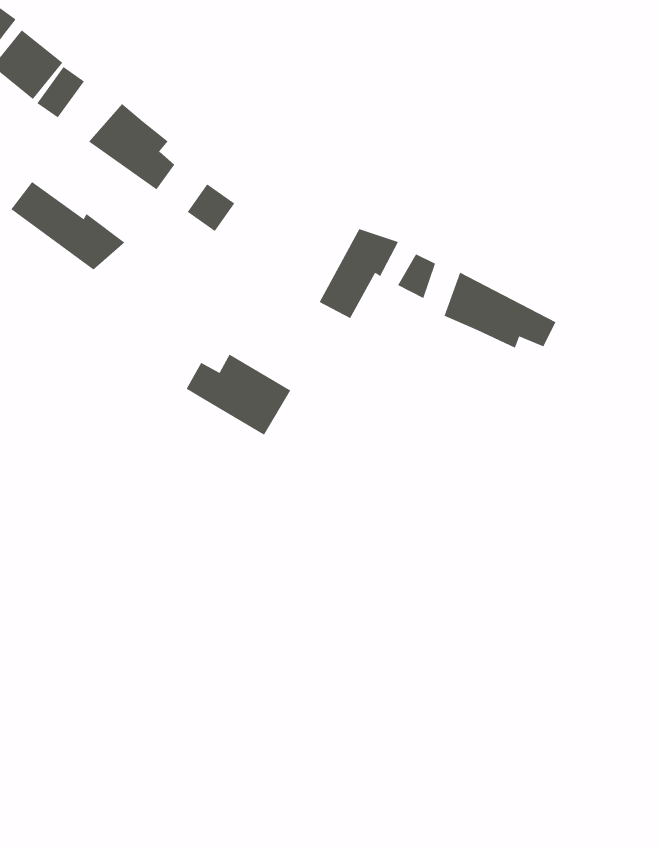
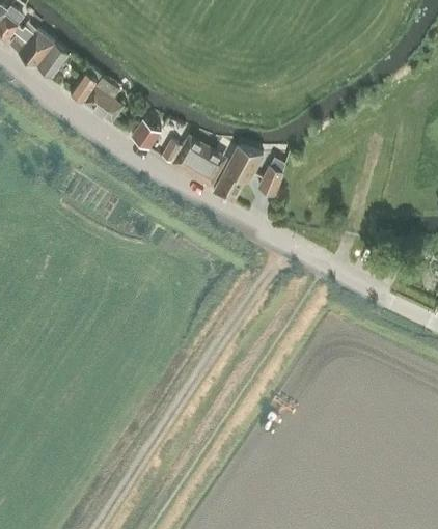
building: [10,181,125,271] -> none
building: [444,272,556,348] -> none
building: [186,354,291,436] -> [161,133,226,184]

